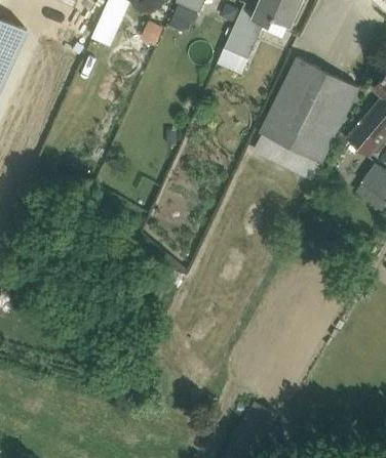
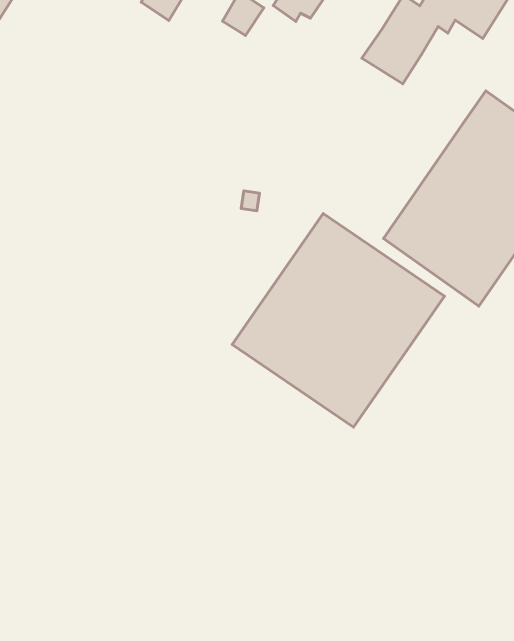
building: none -> [232,213,444,427]

